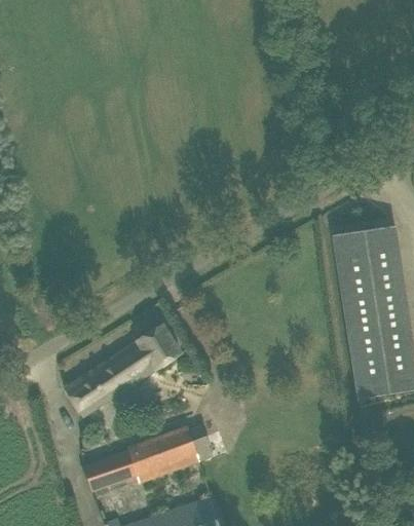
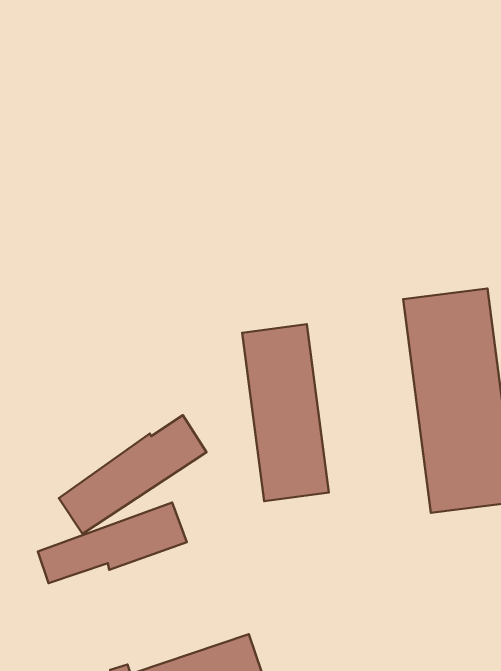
building: none -> [242,324,329,501]
building: [83,428,199,491] -> [38,503,187,583]

